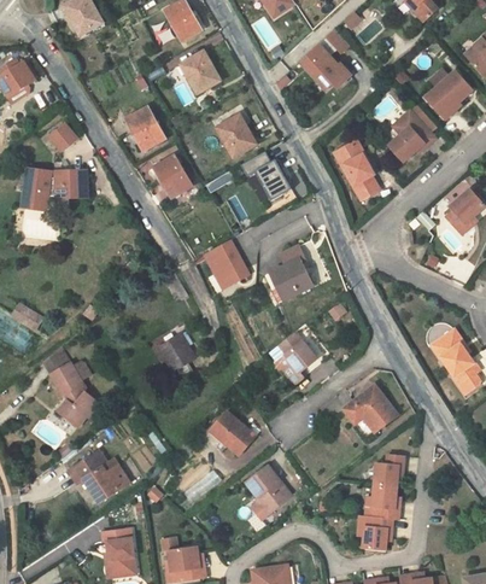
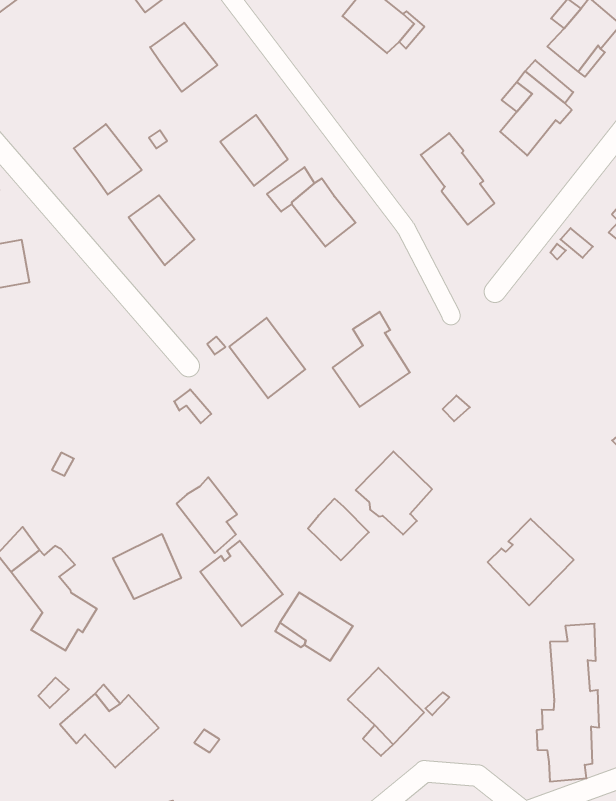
building: none -> [308,499,369,560]
building: none -> [113,534,181,599]
building: none -> [200,541,283,626]

